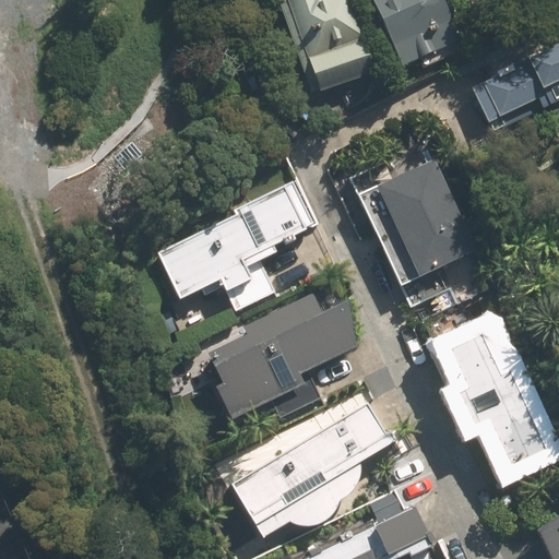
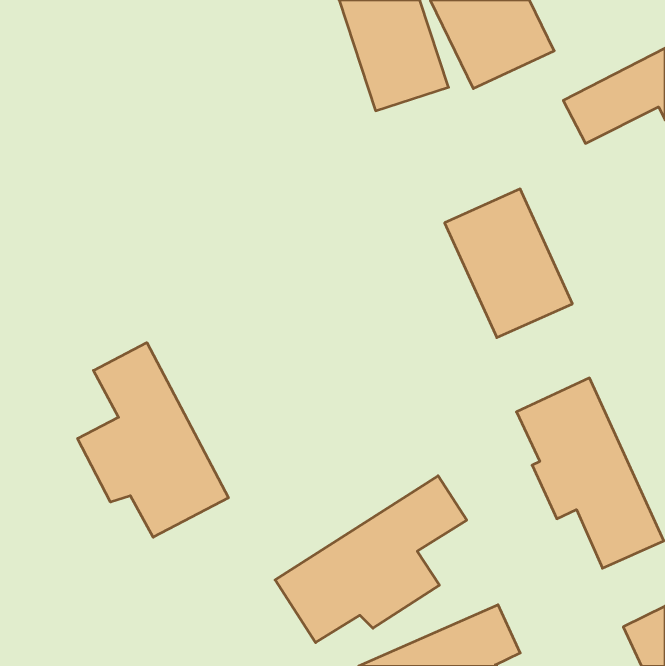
building: [151,182,311,312] -> none
building: none -> [78,343,228,537]
building: [213,292,358,416] -> none

